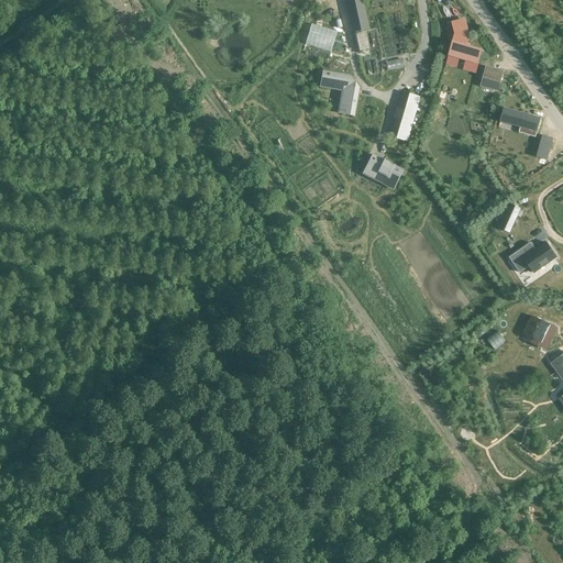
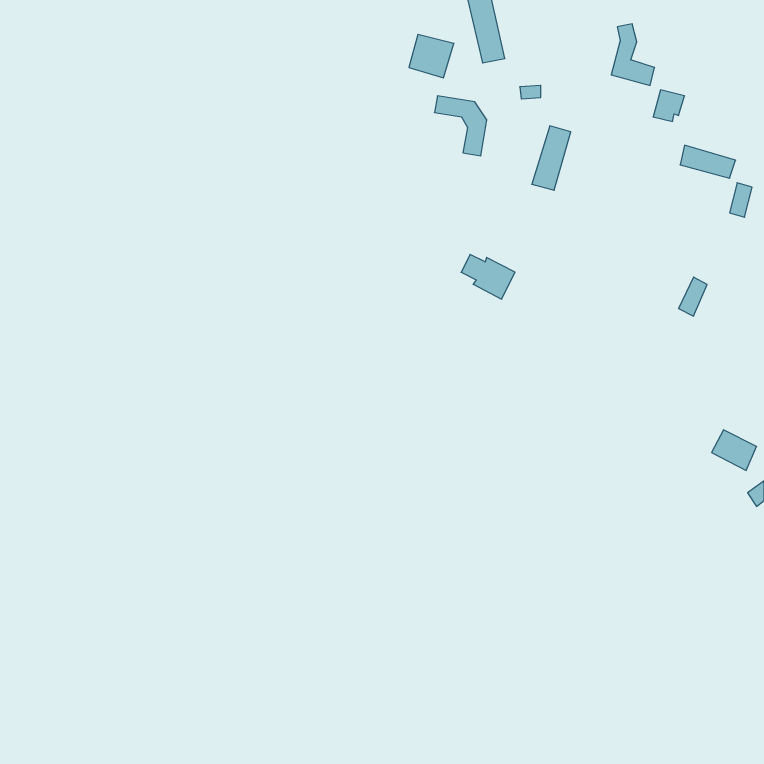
building: [363,156,402,189] -> [461,254,515,299]
building: [509,242,555,272] -> none

